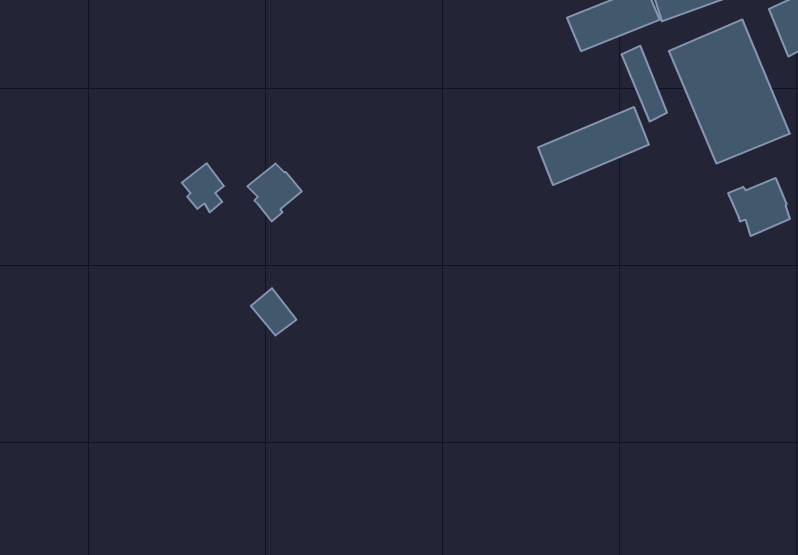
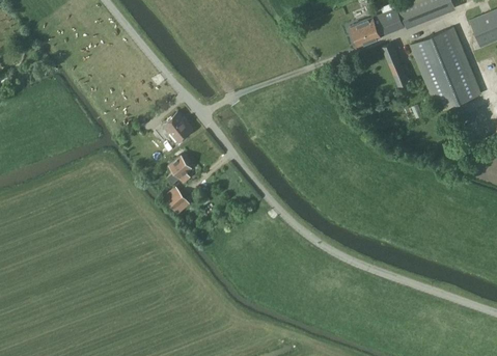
building: [538,107,649,185] -> none
building: [182,163,224,212] -> [167,155,192,184]
building: [728,178,790,236] -> none

